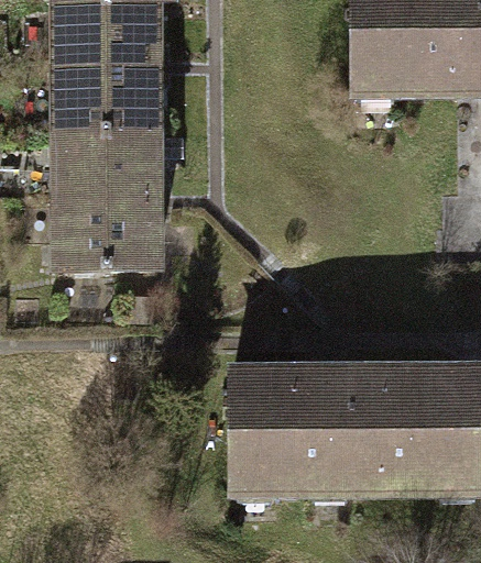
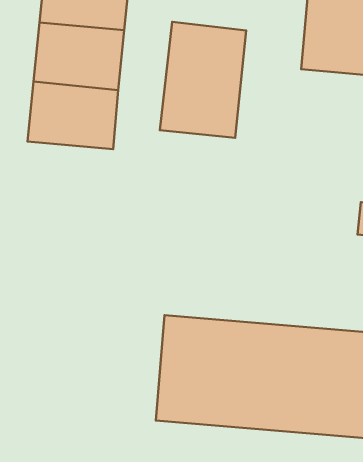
building: none -> [160,22,246,138]
building: [57,194,153,258] -> none

